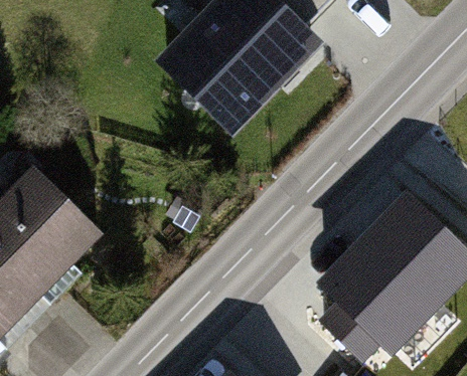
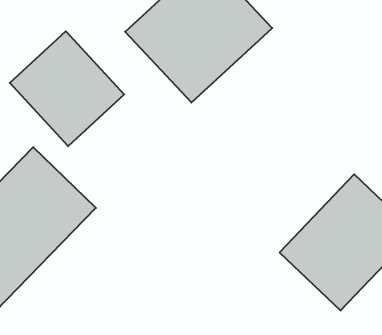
building: none -> [10,31,124,146]

